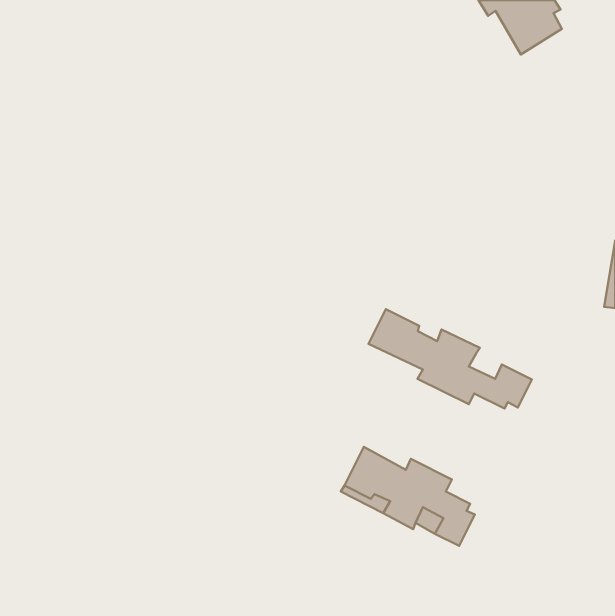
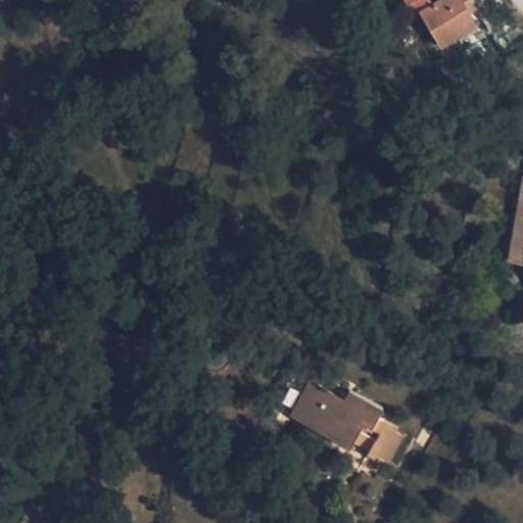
building: [369,309,532,409] -> none

